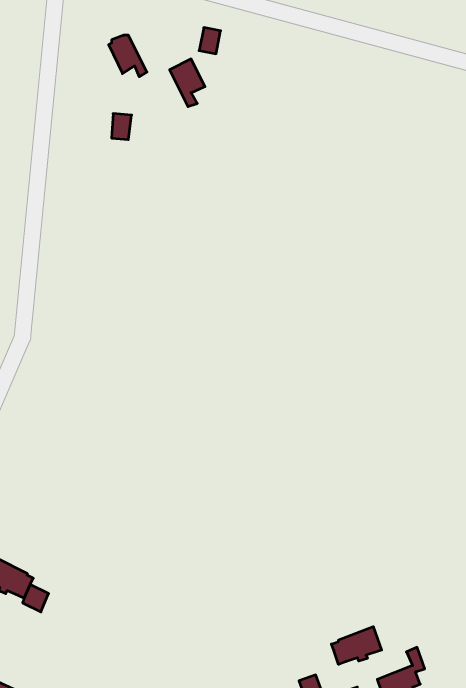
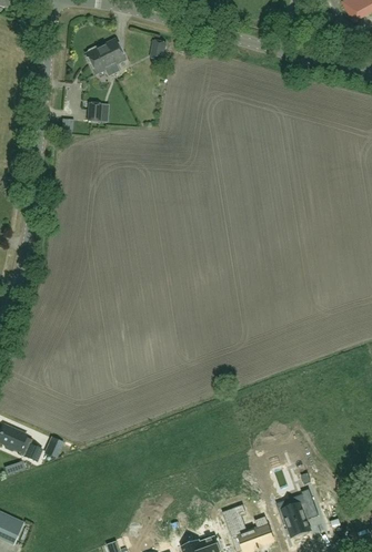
building: [170,59,205,107] -> [100,39,125,73]
building: [331,627,382,664] -> none

